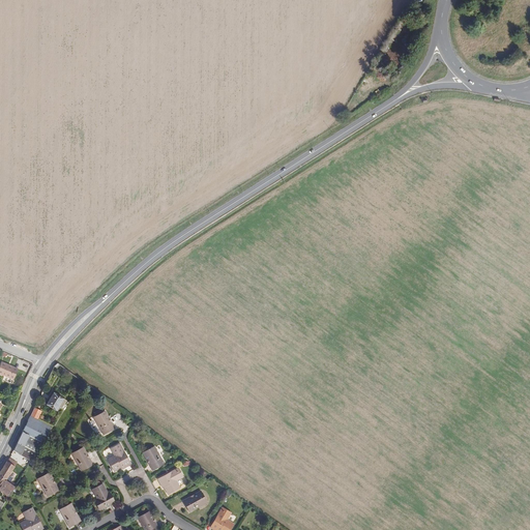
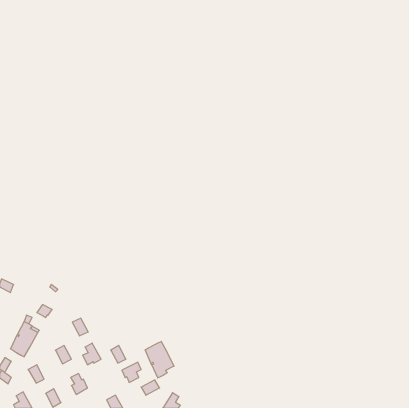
building: none -> [145,341,174,378]

